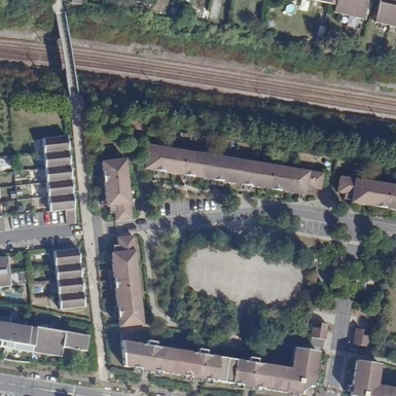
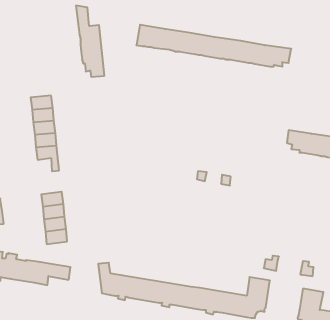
building: [99,136,132,218] -> [76,6,104,77]
building: [144,144,323,192] -> [136,25,291,67]
building: [112,235,143,325] -> none

